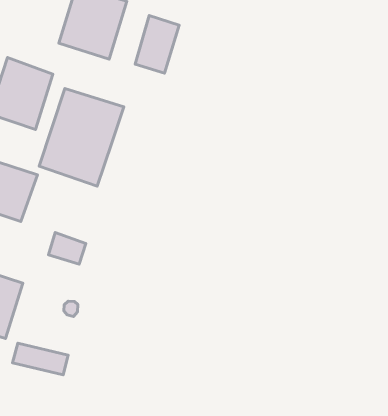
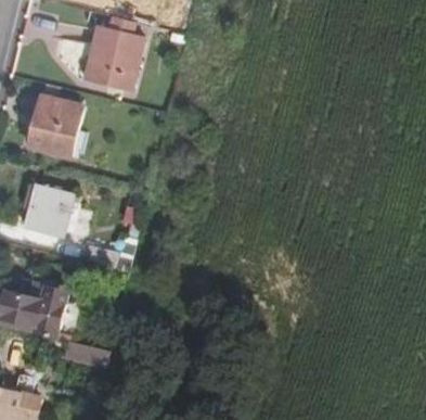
building: [135,16,179,73] -> none
building: [39,88,124,186] -> none

